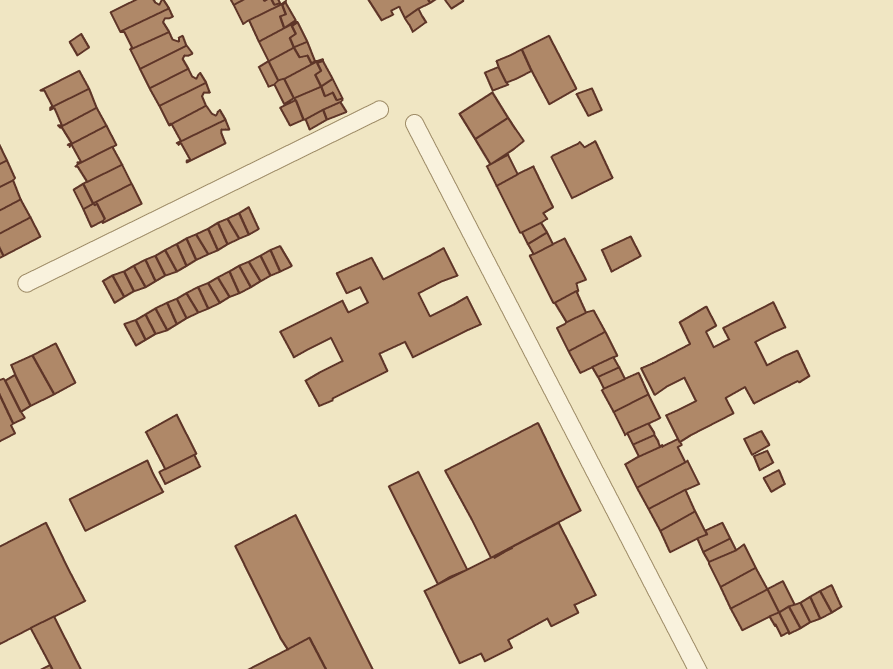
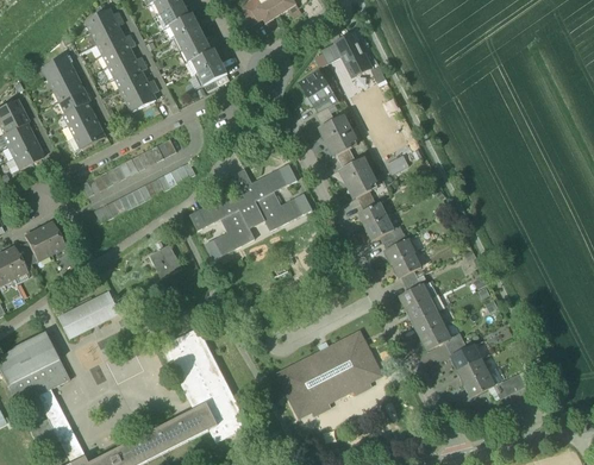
building: [551,141,612,198] -> none
building: [641,302,809,442] -> none
building: [146,415,196,469] -> [150,244,181,277]
building: [445,423,581,558] -> none
building: [389,472,467,584] -> none

